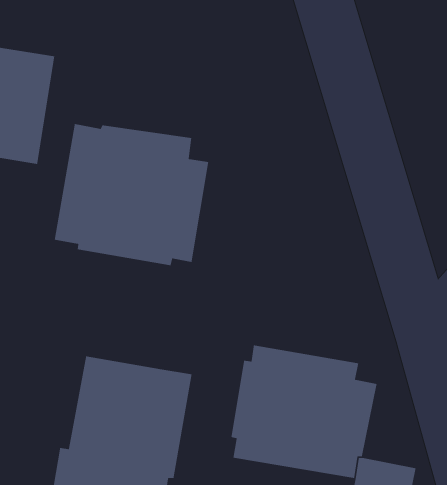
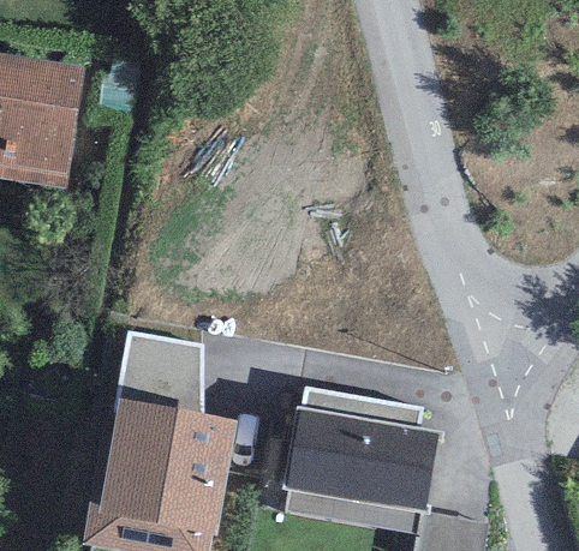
building: [54,123,209,266] -> none
building: none -> [115,330,201,413]

